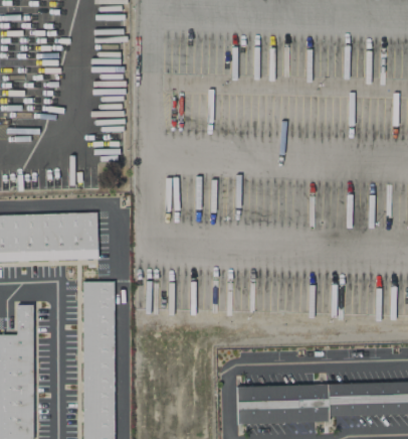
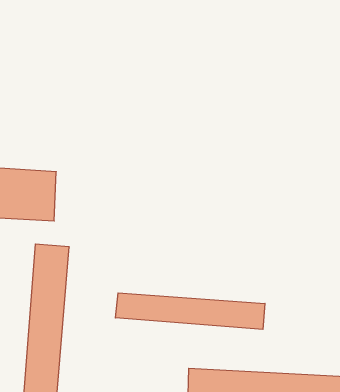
building: none -> [115,293,265,329]

